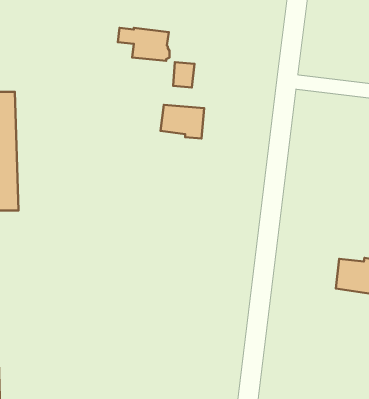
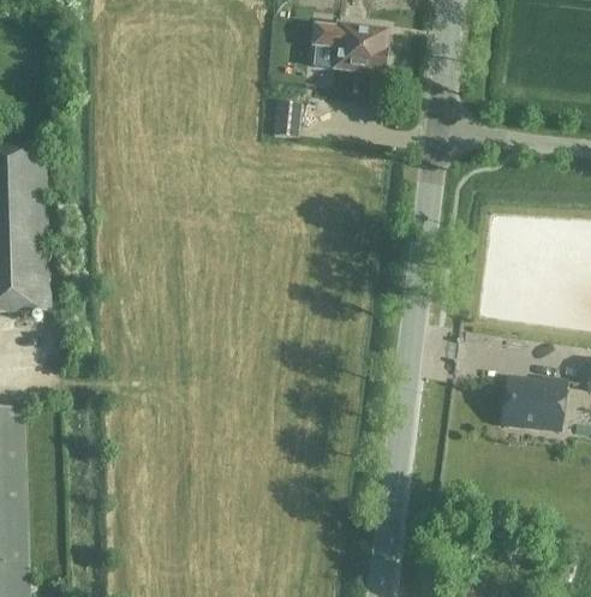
building: [118,28,170,61] -> [305,26,378,73]
building: [160,105,204,138] -> none

